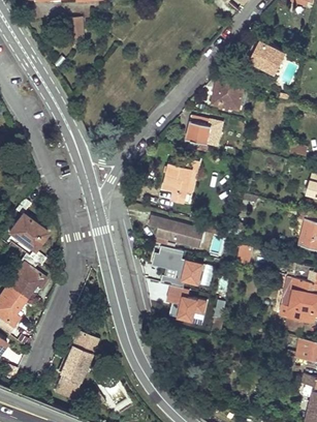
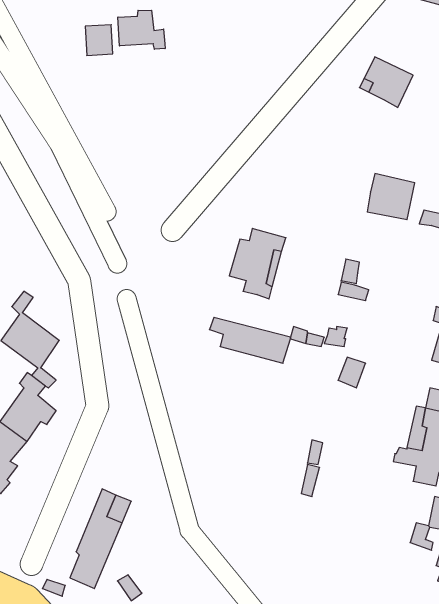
building: none -> [118,10,165,49]
building: [212,80,244,111] -> [367,174,415,220]
building: [187,117,212,145] -> none
building: [153,245,208,320] -> none

